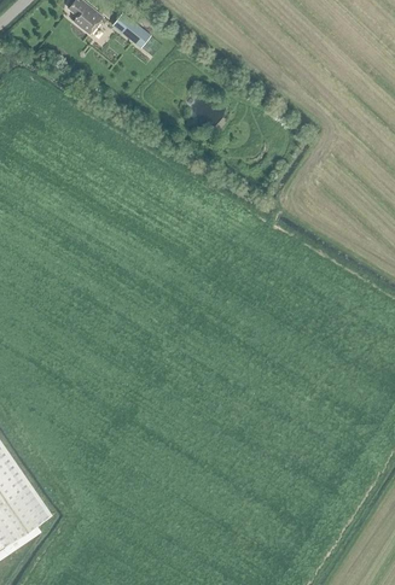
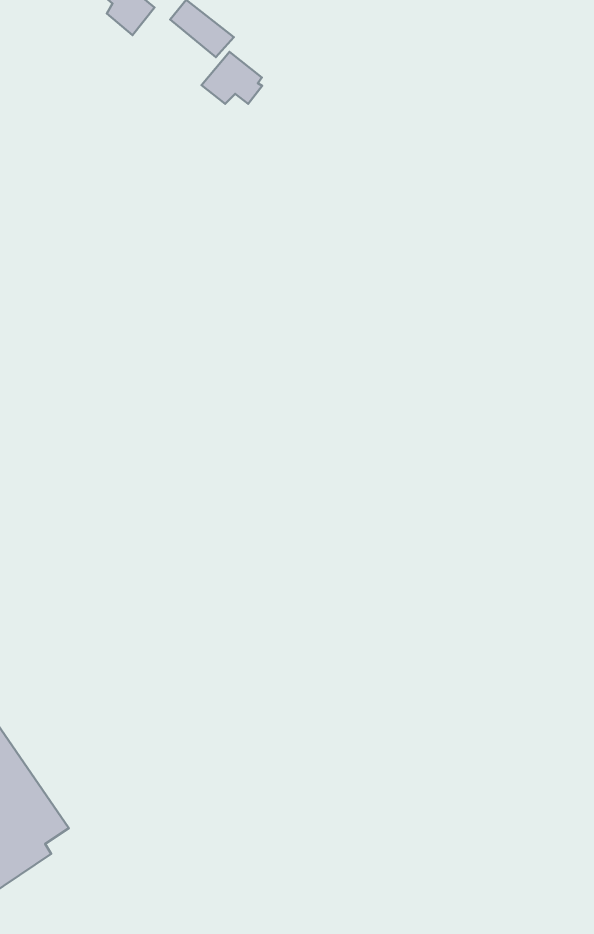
building: none -> [202,52,262,104]

